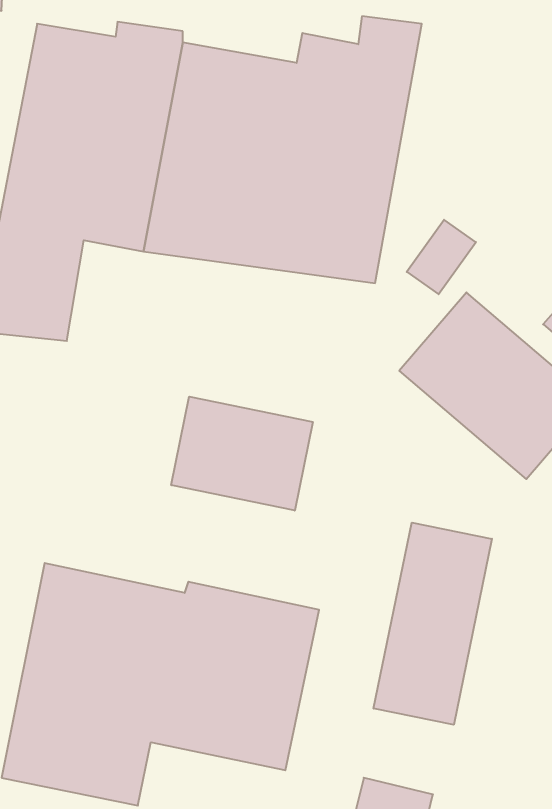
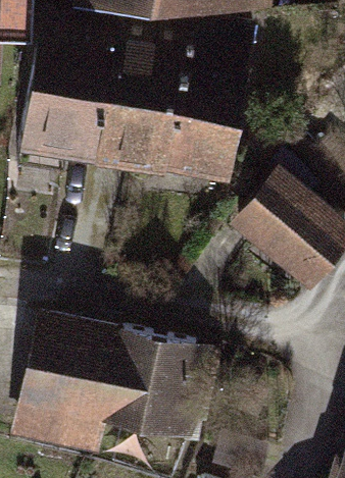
building: [171,397,313,511] -> none
building: [374,523,492,725] -> none

